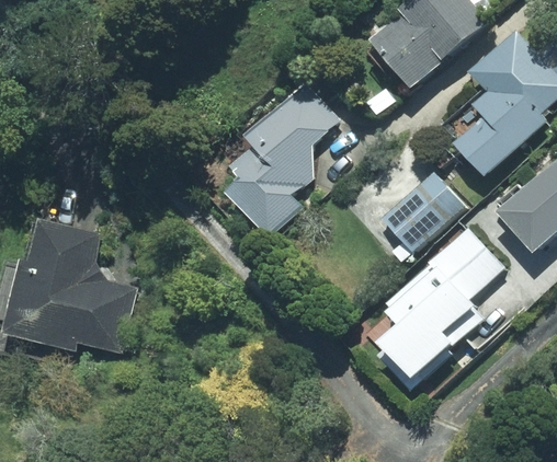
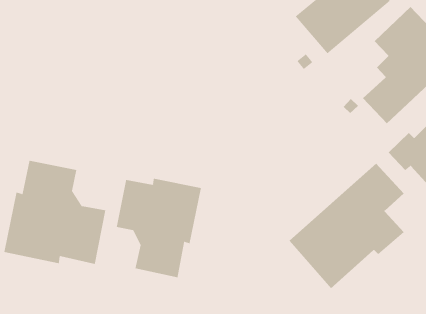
building: [223,83,338,239] -> none
building: [379,170,463,252] -> none
building: none -> [116,178,201,278]

